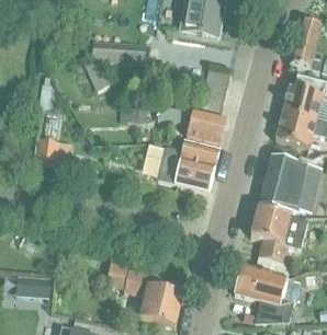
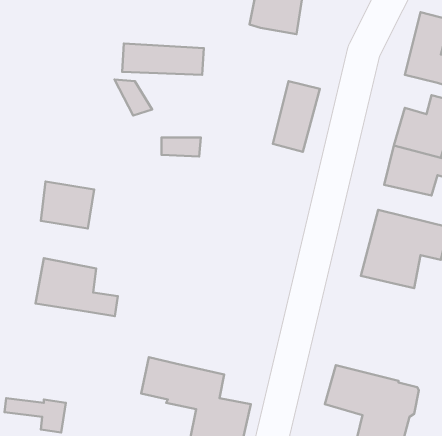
building: [158,108,225,143] -> none
building: [158,140,218,189] -> none
building: none -> [36,258,118,316]
building: [250,208,307,262] -> none

